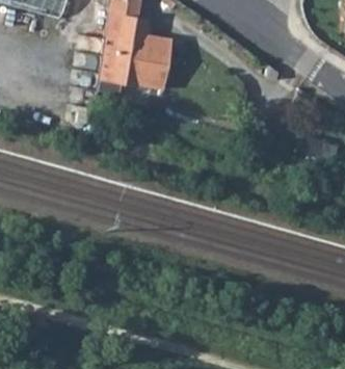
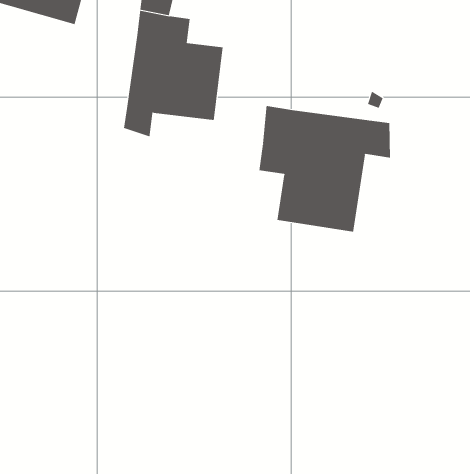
building: none -> [259,105,390,233]

